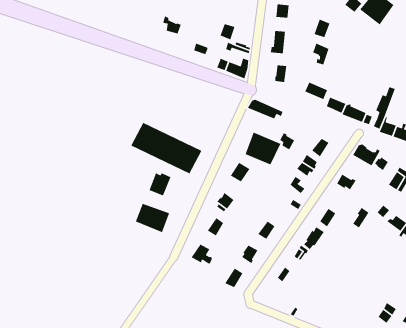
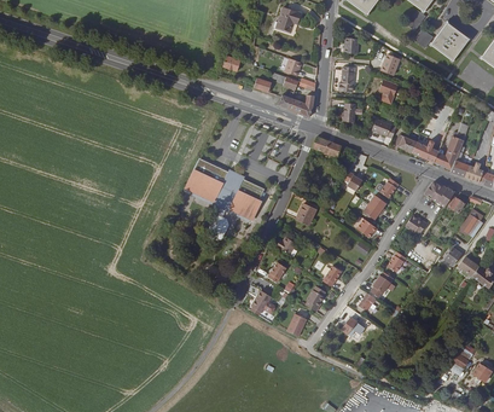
building: [244,132,281,166] -> none
building: [135,203,170,233] -> none

